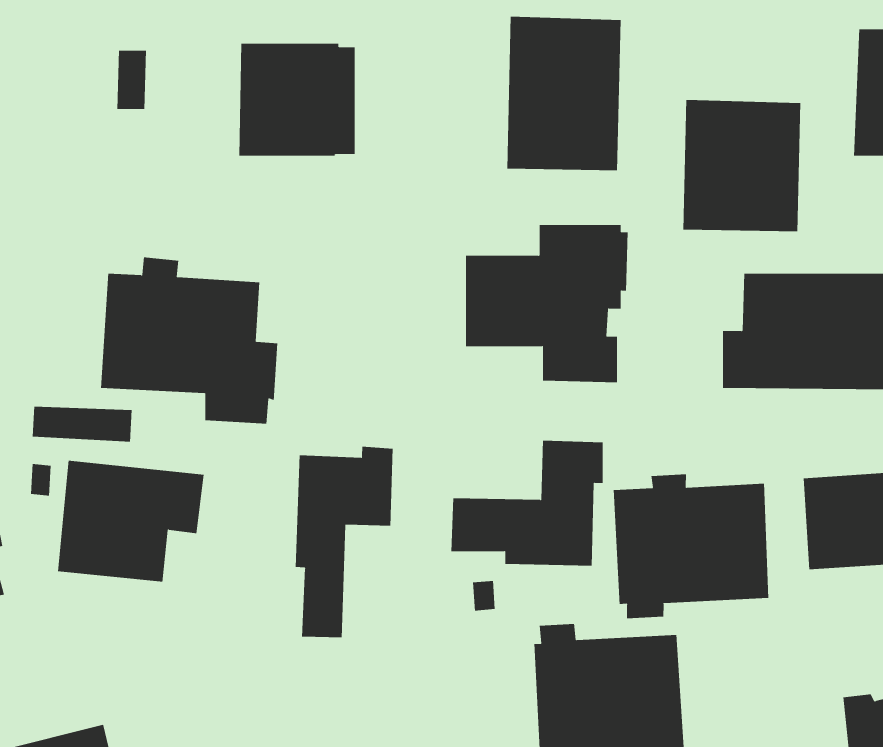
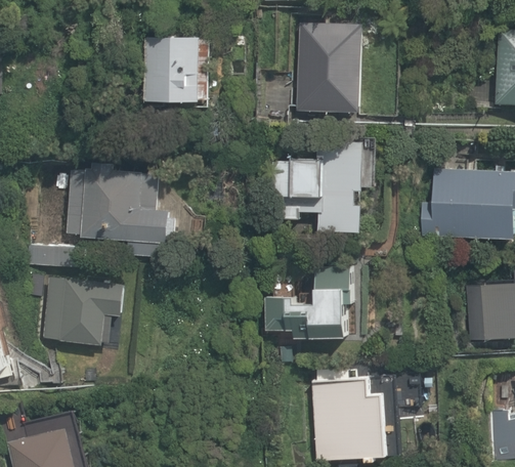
building: [683,99,801,232] -> none
building: [295,446,393,638] -> none
building: [613,474,769,619] -> none

